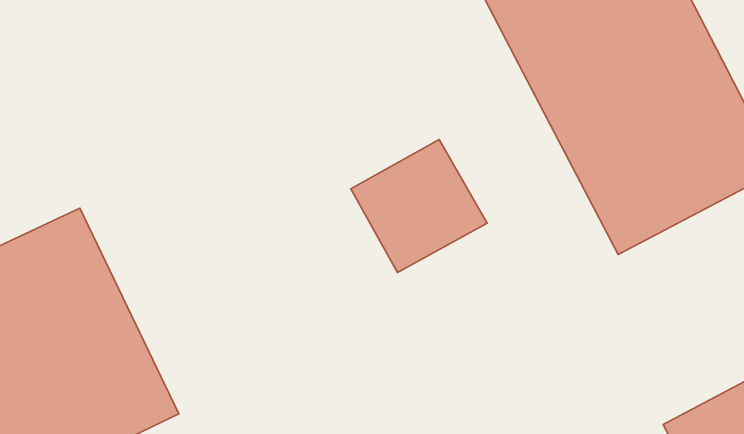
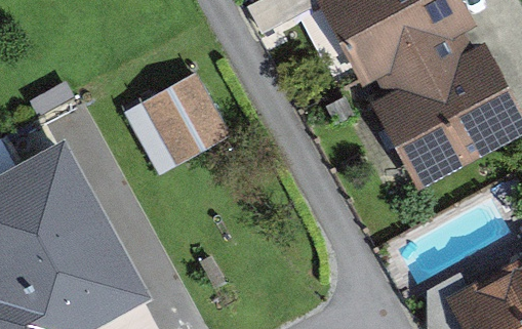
building: [351,139,487,273] -> [135,82,226,170]

